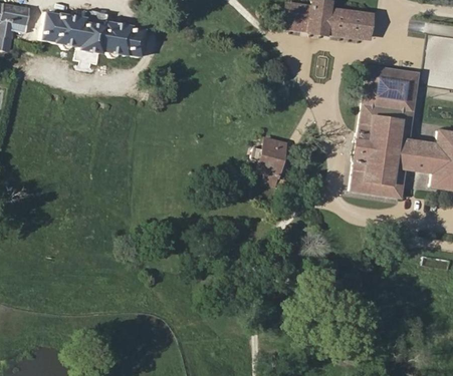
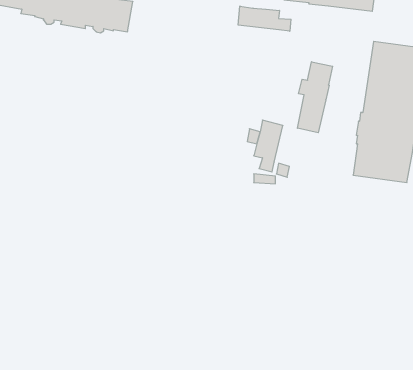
building: none -> [238,6,291,31]
building: none -> [297,62,333,133]

